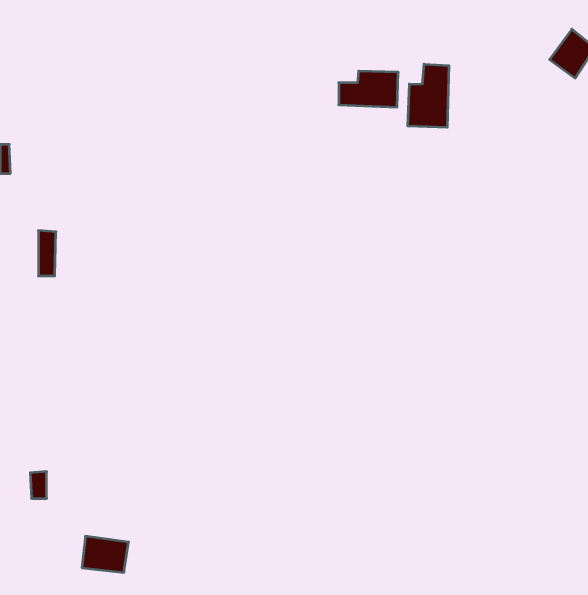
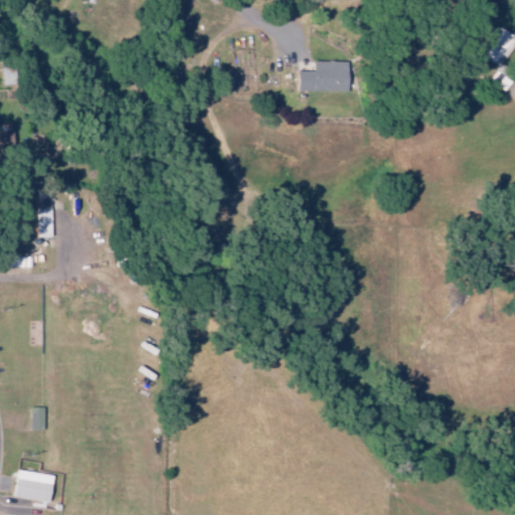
building: [408,64,449,127] -> none
building: [82,536,129,572] -> [14,471,54,502]

